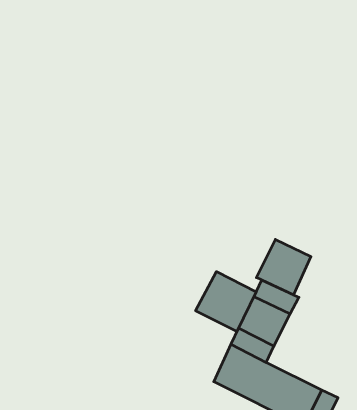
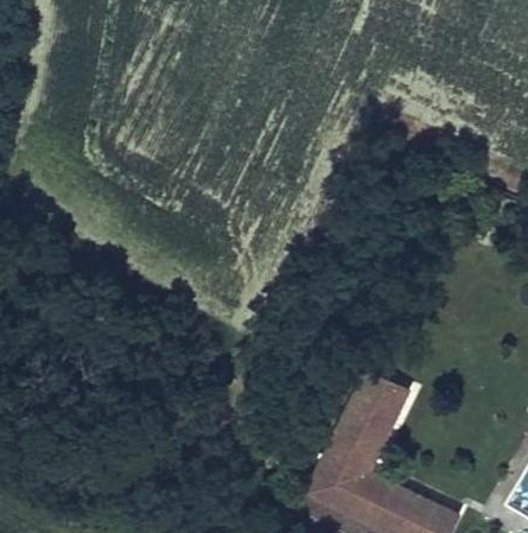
building: [256,239,311,295] -> none
building: [196,272,256,331] -> none

